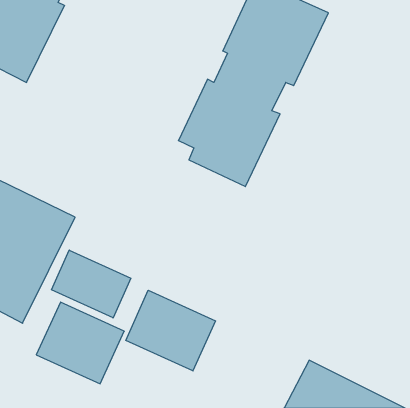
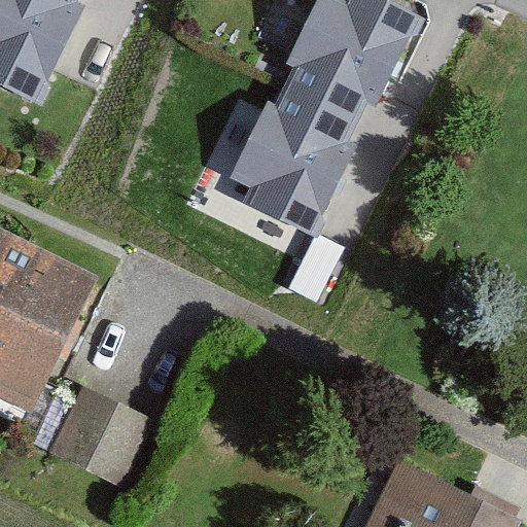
building: [52,250,131,318] -> none
building: [126,290,215,371] -> none

